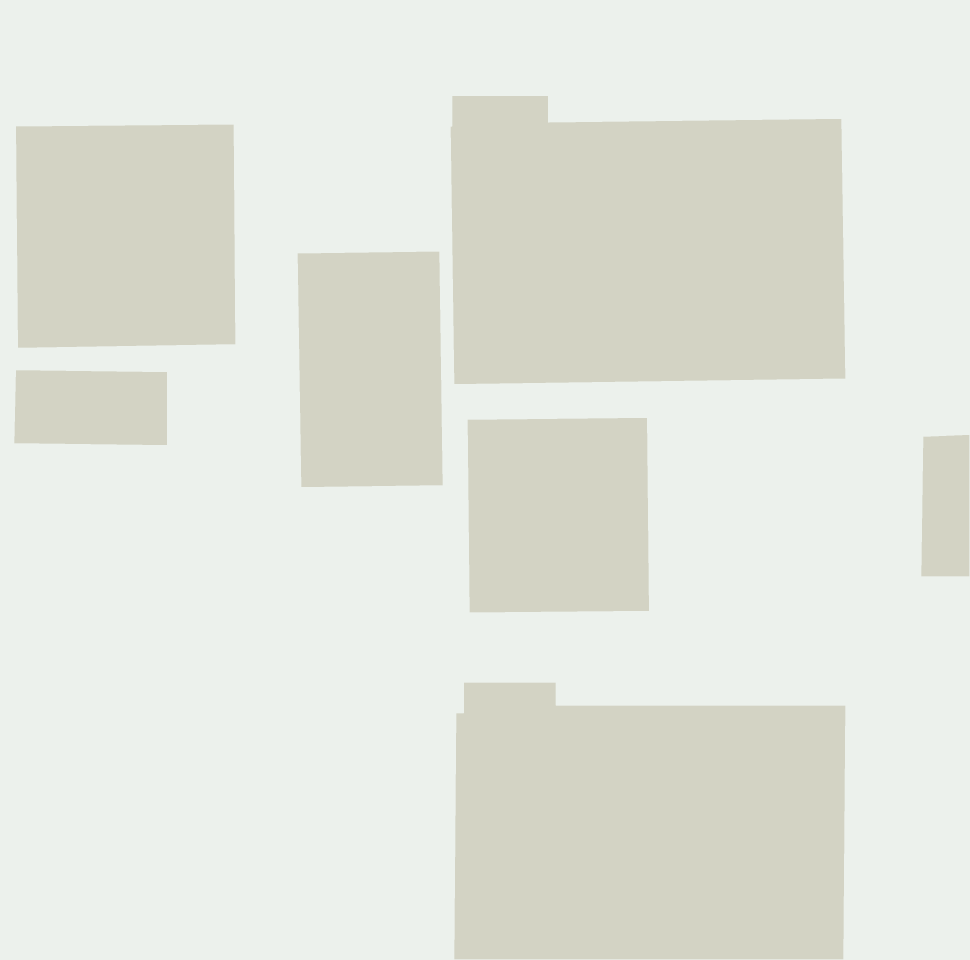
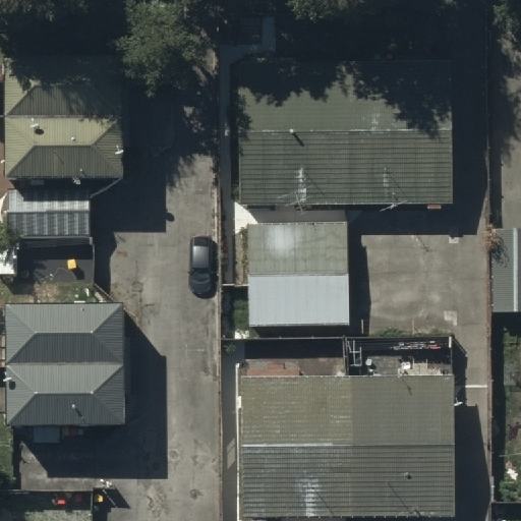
building: [297,251,444,488] -> none
building: none -> [7,311,126,429]

